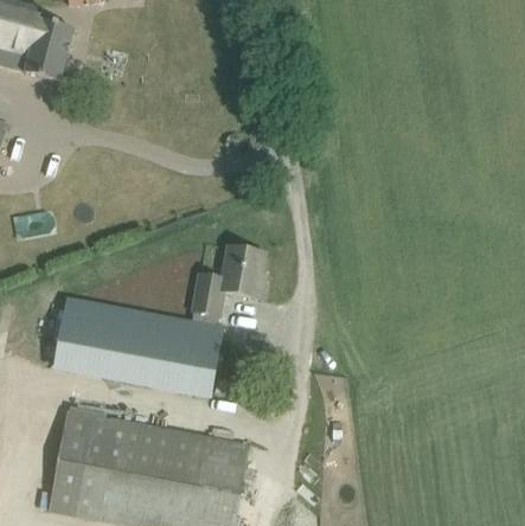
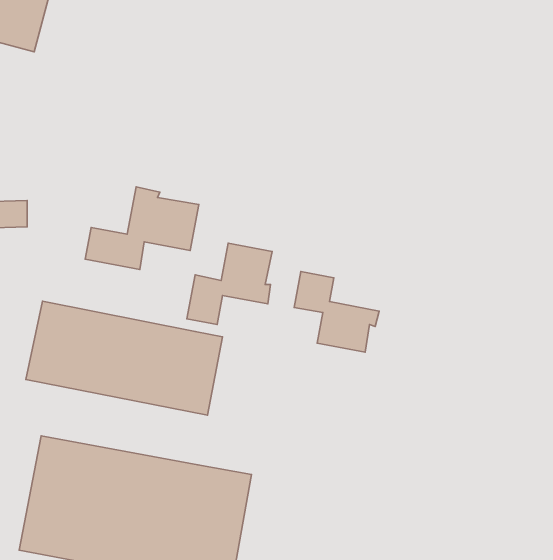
building: none -> [85,187,199,269]
building: none -> [294,271,379,352]

